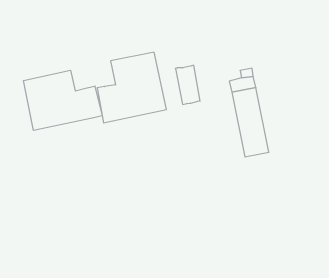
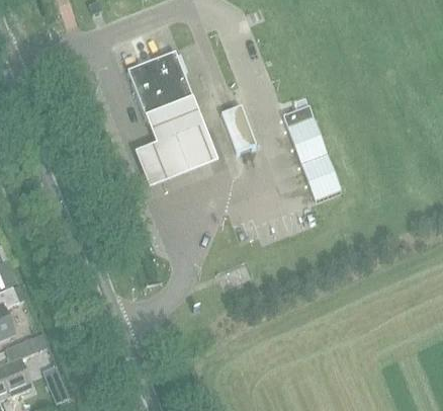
building: none -> [126,51,192,115]
building: [23,70,102,130] -> none

